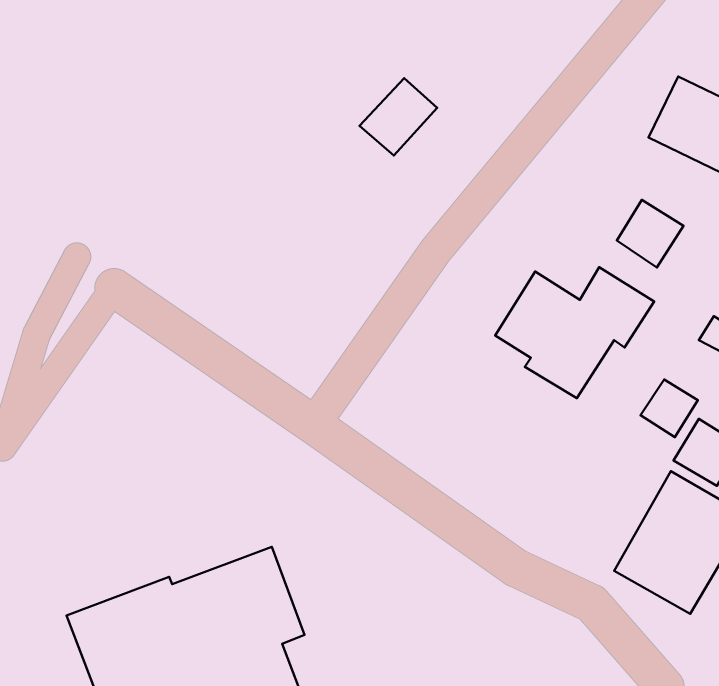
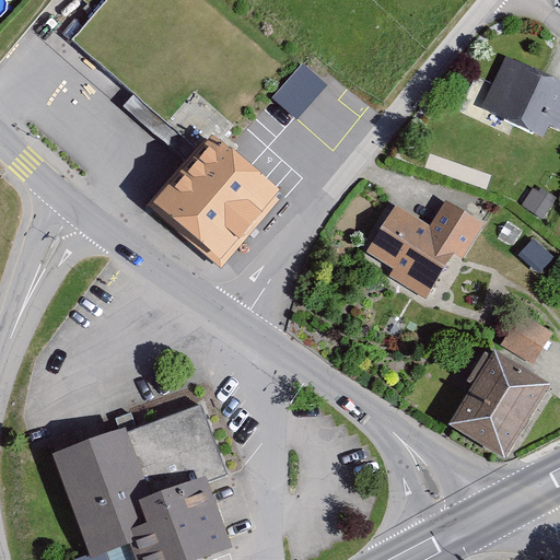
building: none -> [147,136,283,265]
building: [617,200,683,267] -> none
building: [640,379,698,437] -> none

